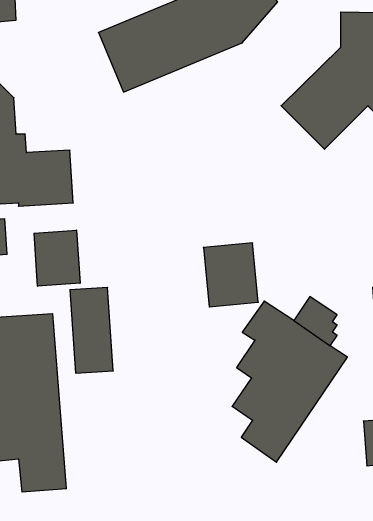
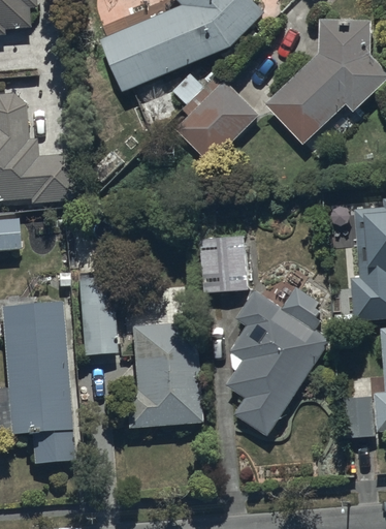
building: none -> [175,85,261,167]
building: [34,230,80,286] -> none
building: none -> [126,319,202,425]

